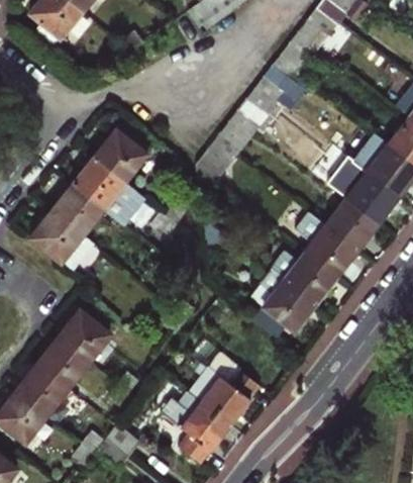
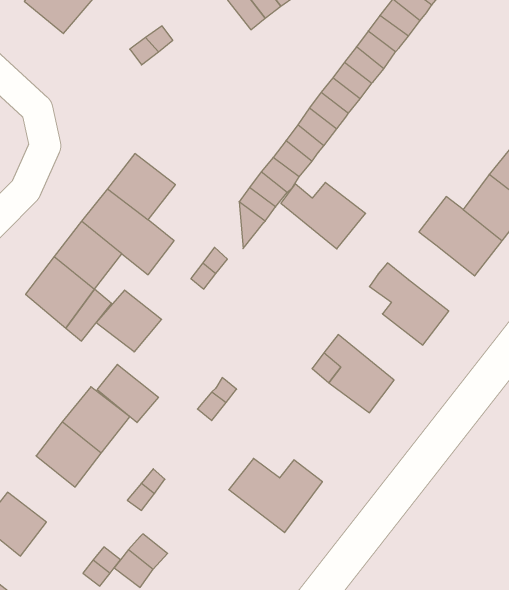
building: [326,200,378,252] -> none
building: none -> [96,290,162,352]
building: [272,254,337,305] -> [281,182,366,249]
building: none -> [97,364,158,423]
building: [15,364,68,415] -> none
building: [162,390,230,462] -> none

